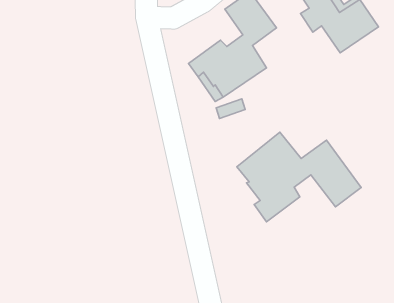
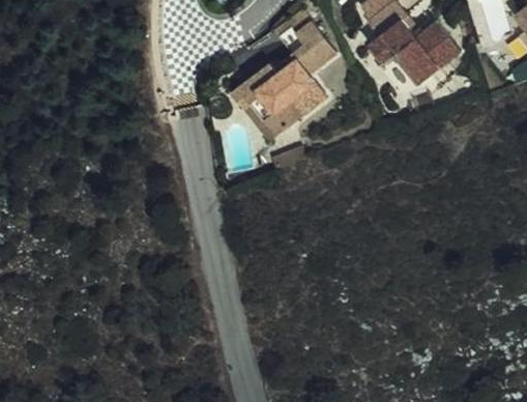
building: [237,132,361,222] -> none

